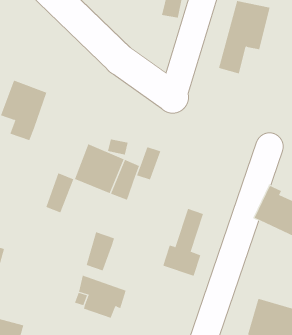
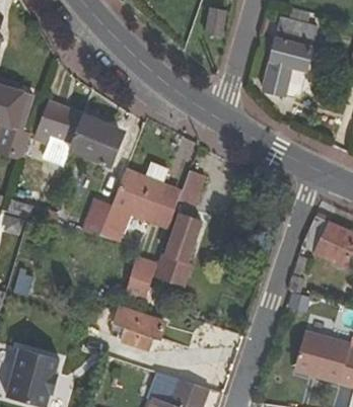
building: none -> [70,114,123,166]
building: [162,208,204,277] -> [152,214,196,286]

